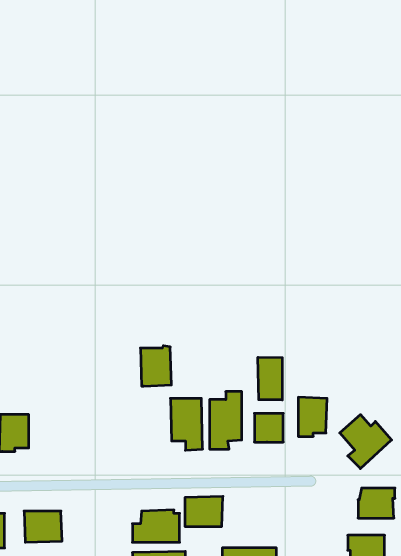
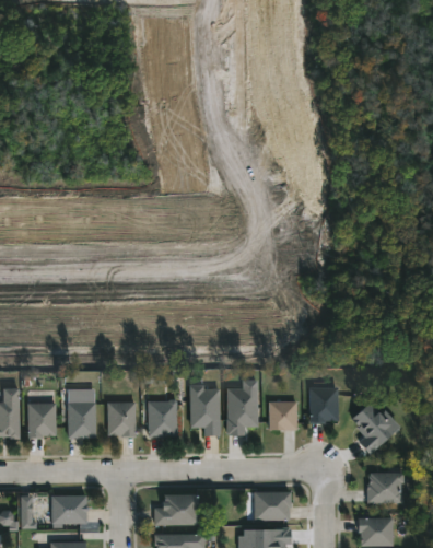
building: [140,346,171,386] -> [148,398,177,436]
building: [258,357,282,400] -> none
building: none -> [107,400,134,436]
building: none -> [67,401,95,436]
building: [185,496,223,526] -> [254,490,290,518]

